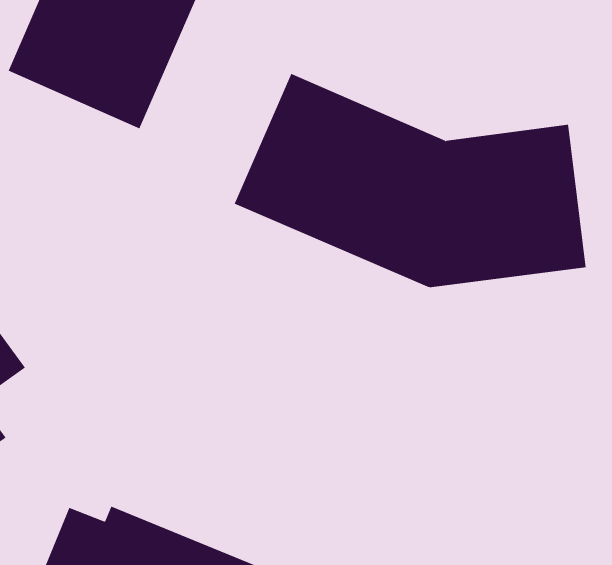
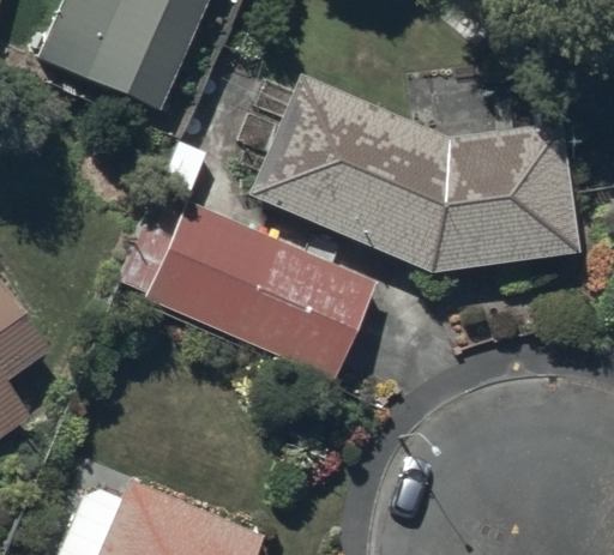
building: none -> [148,201,374,375]

